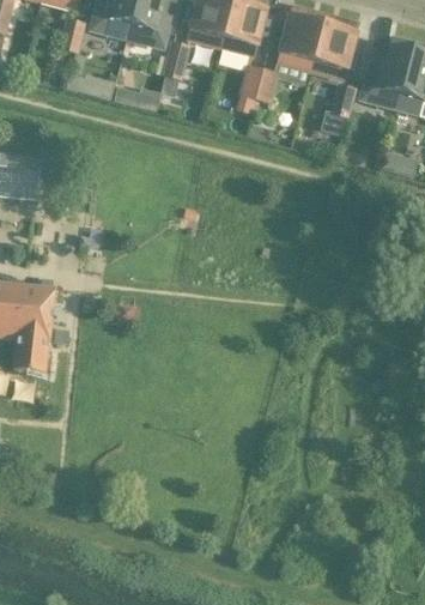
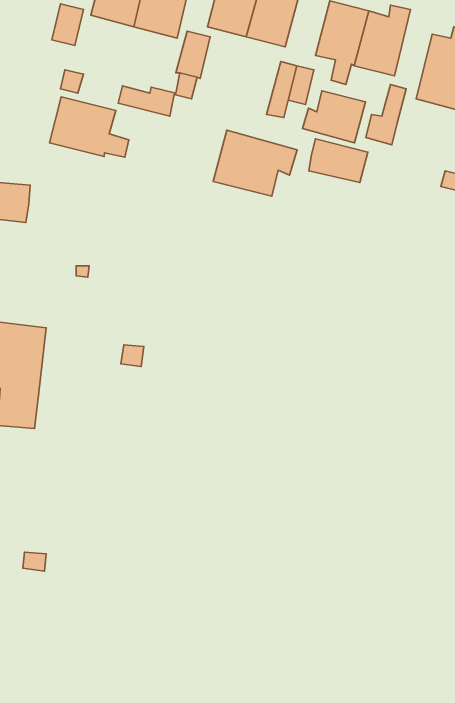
building: none -> [302,91,365,143]
building: none -> [49,97,129,157]
building: none -> [213,130,297,196]
building: none -> [309,139,368,183]

